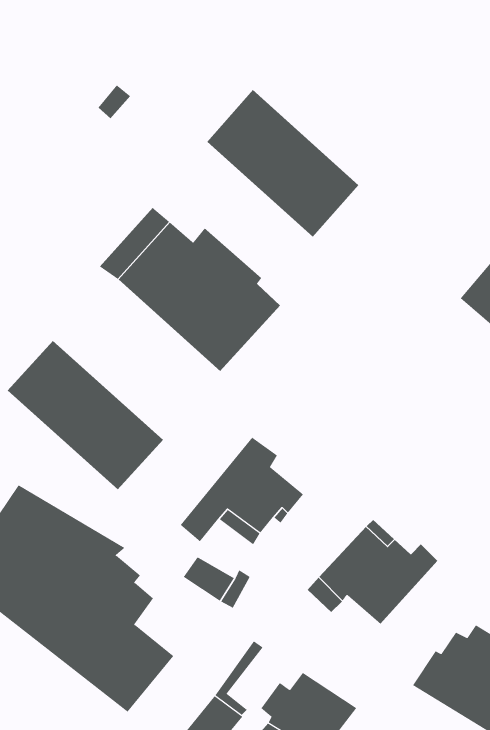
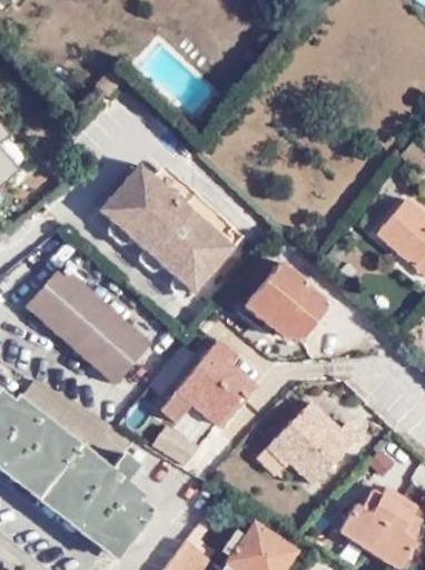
building: [207,89,359,238] -> none
building: none -> [243,264,325,337]

